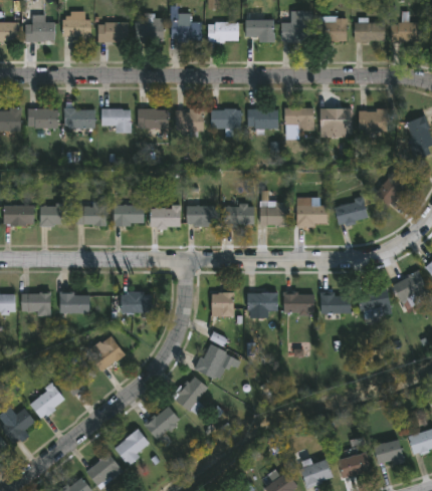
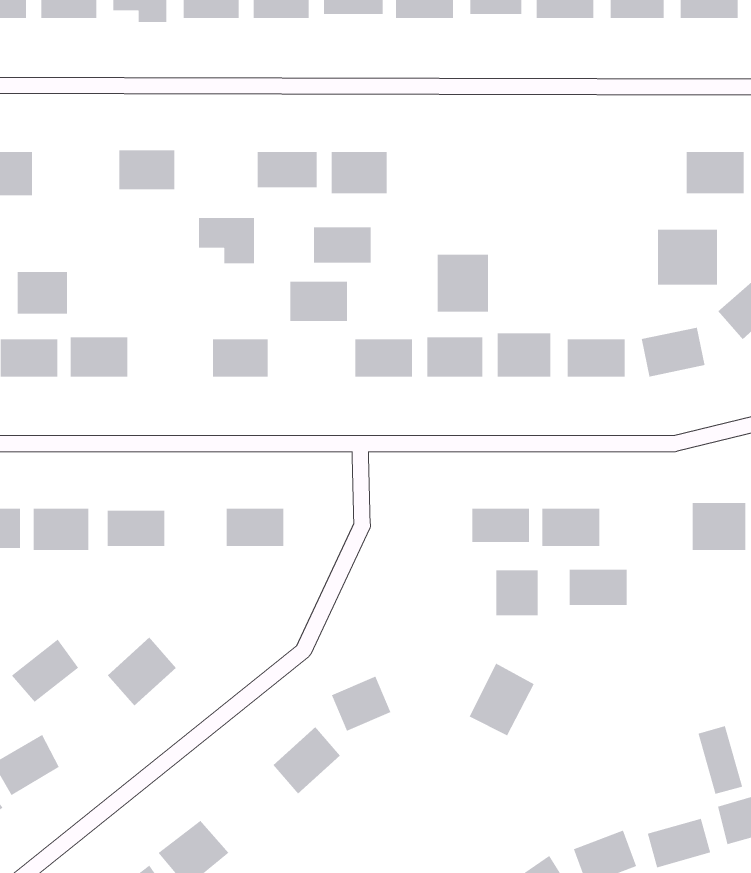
building: [285,107,313,129] -> none
building: [320,108,352,138] -> [657,229,718,285]
building: [27,109,57,129] -> none
building: [101,109,131,134] -> [198,217,255,264]
building: [211,109,241,129] -> [313,226,372,263]
building: [247,109,277,128] -> none
building: none -> [437,254,489,312]
building: none -> [17,271,68,314]
building: [76,207,106,226] -> none
building: [151,207,181,228] -> [289,281,348,322]
building: [211,293,233,317] -> [496,569,538,616]
building: [320,295,351,314] -> [569,569,627,606]
building: [86,335,125,372] -> none
building: [194,341,228,380] -> [469,662,535,736]
building: [29,386,64,419] -> [11,638,79,703]
building: none -> [698,725,743,795]
building: [114,430,151,465] -> none

